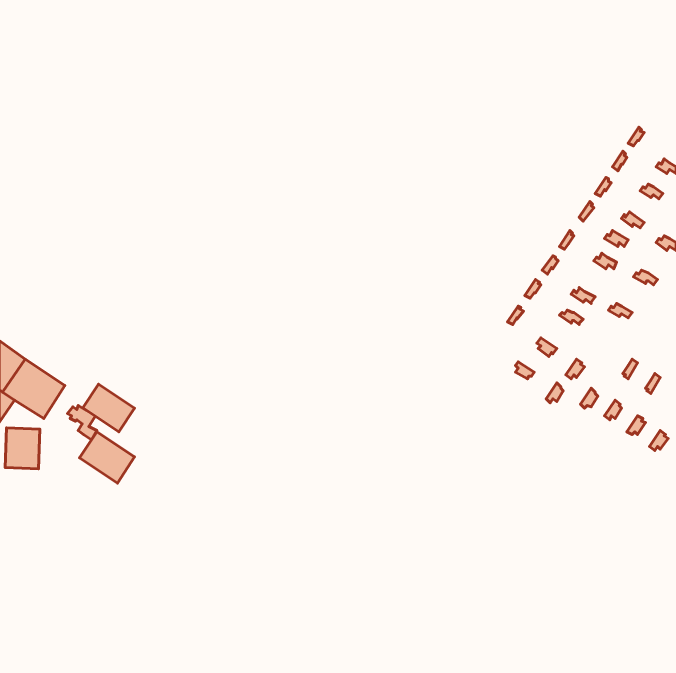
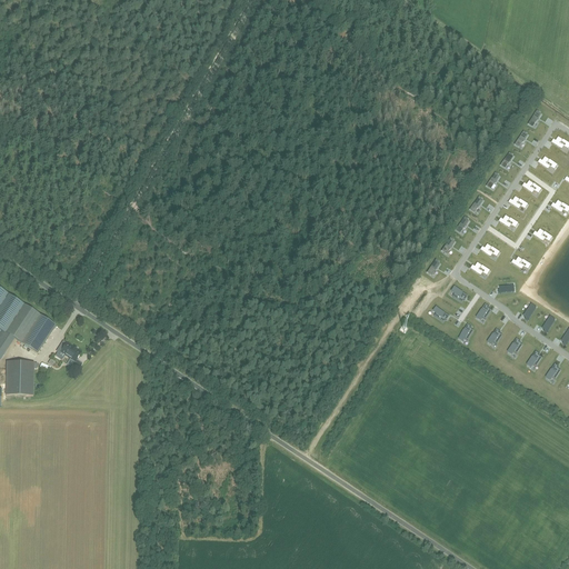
building: [83,384,134,432] -> none
building: [80,432,135,483] -> none

